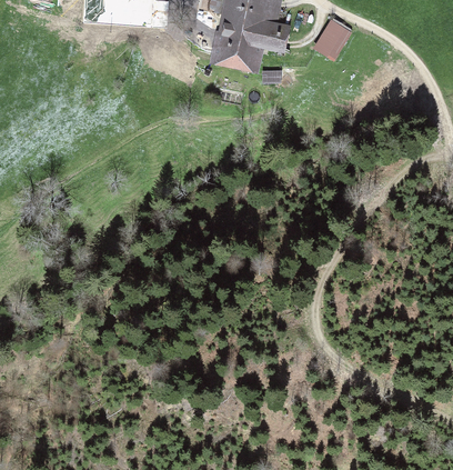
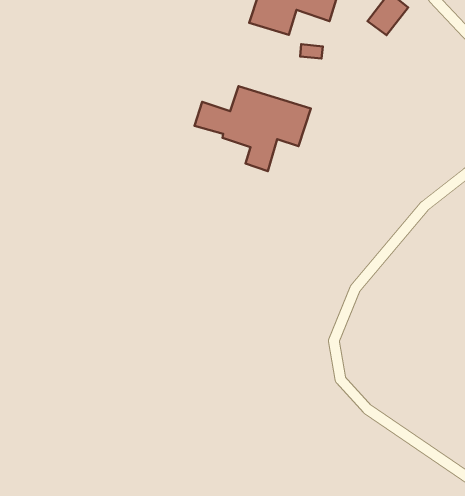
building: none -> [195,86,311,171]

